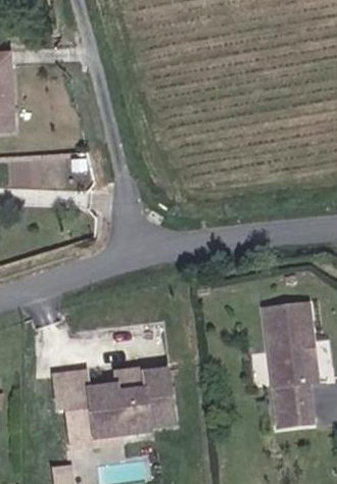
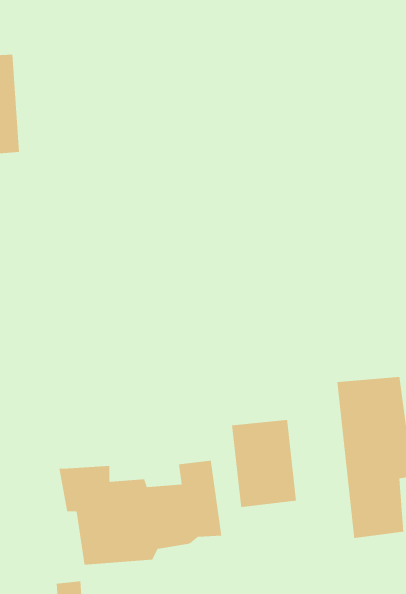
building: none -> [232,419,297,508]

